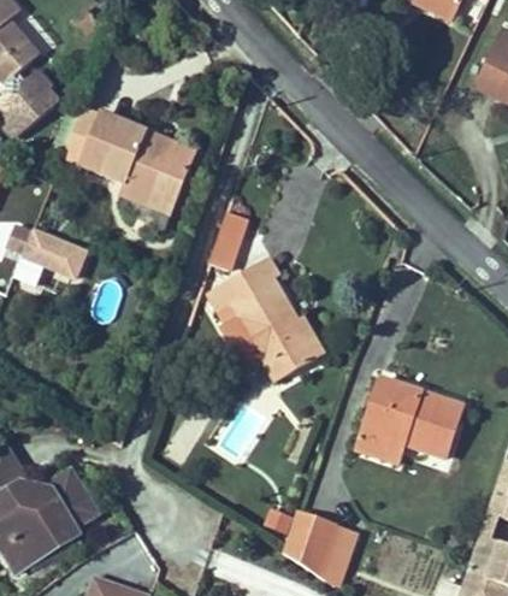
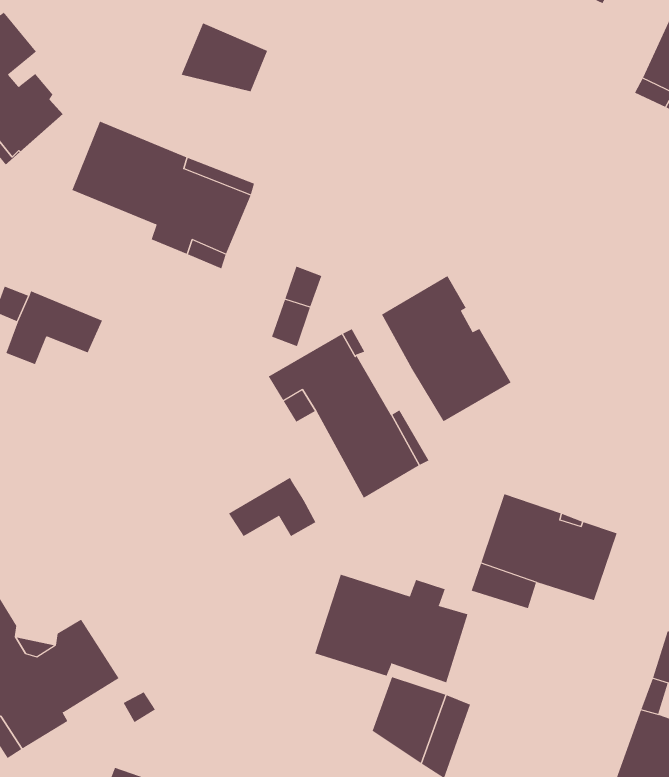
building: none -> [181,22,268,92]
building: none -> [381,275,512,422]
building: none -> [228,477,316,537]
building: none -> [315,574,468,683]

